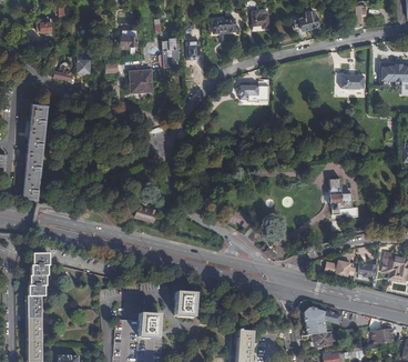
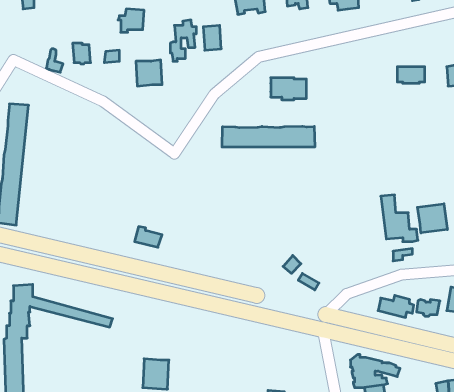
building: none -> [222,126,315,147]
building: none -> [417,204,447,233]
building: [173,290,195,314] -> none

